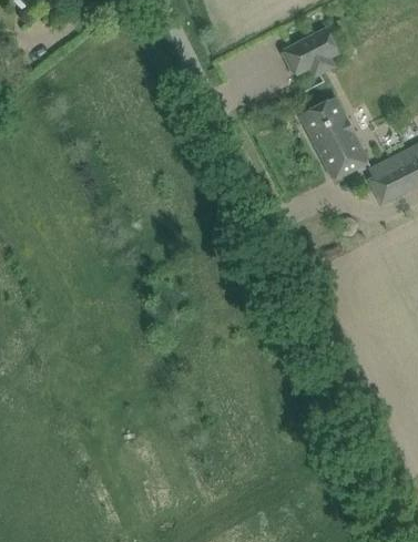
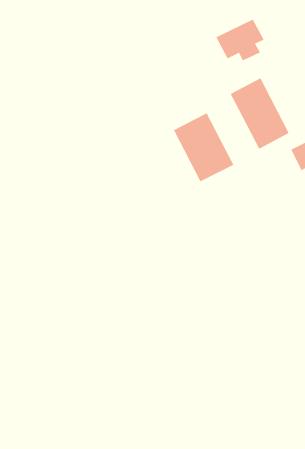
building: none -> [173,113,234,182]

